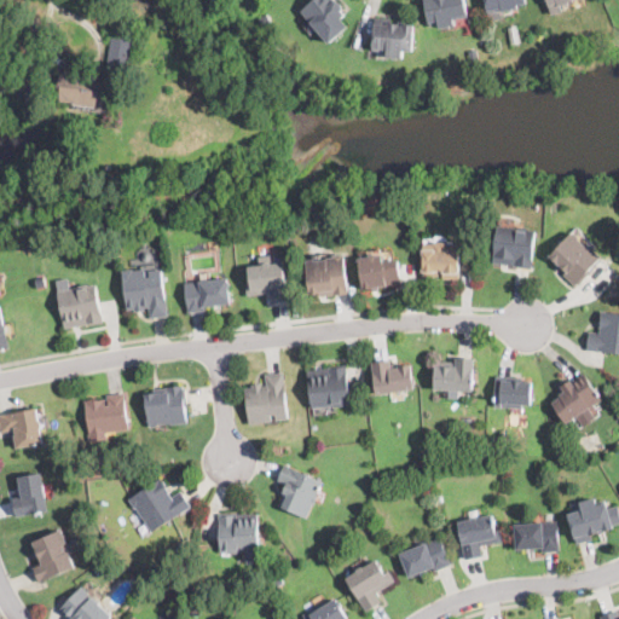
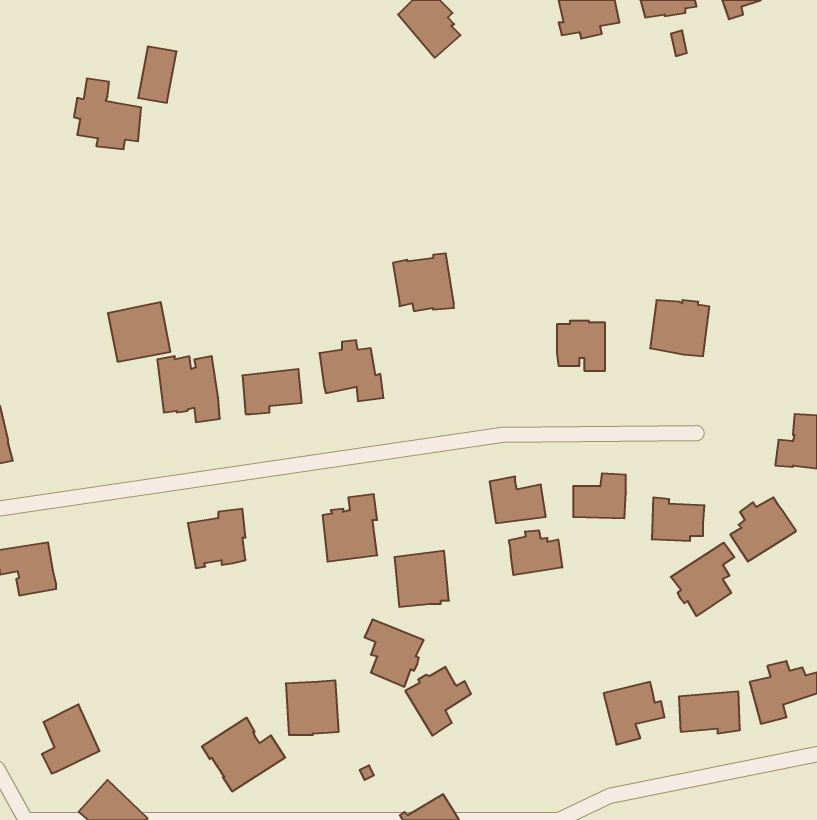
building: [371,17,412,58] -> none
building: [546,230,598,285] -> none
building: [301,254,347,297] -> [393,253,454,311]
building: [357,254,398,289] -> none
building: [57,284,104,329] -> [108,302,170,361]
building: [306,366,347,409] -> [394,551,449,607]
building: [82,393,128,441] -> none
building: none -> [509,530,562,575]
building: none -> [671,543,734,616]
building: [12,474,48,517] -> none
building: [126,478,189,533] -> [202,718,285,791]
building: [397,537,450,578] -> none
building: [343,560,393,612] -> [405,667,471,736]

